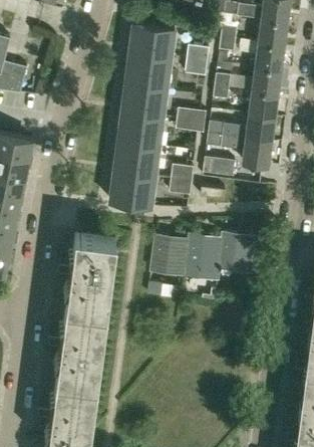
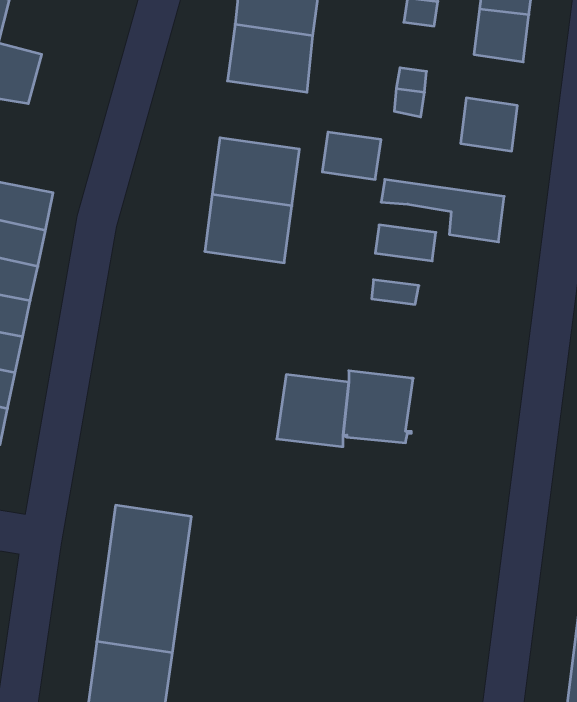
building: [185,45,209,75] -> none
building: [251,66,281,93] -> none
building: [120,80,167,117] -> none
building: [208,114,275,142] -> none
building: [169,165,193,195] -> none
building: [108,171,154,207] -> none
building: [65,233,115,311] -> none
building: [219,233,256,271] -> none

